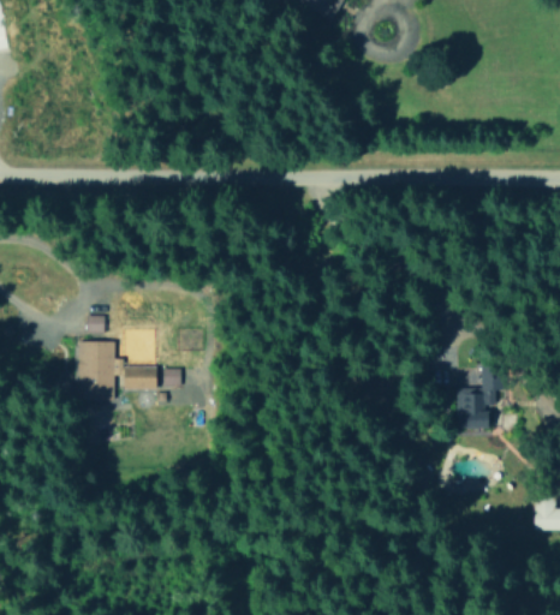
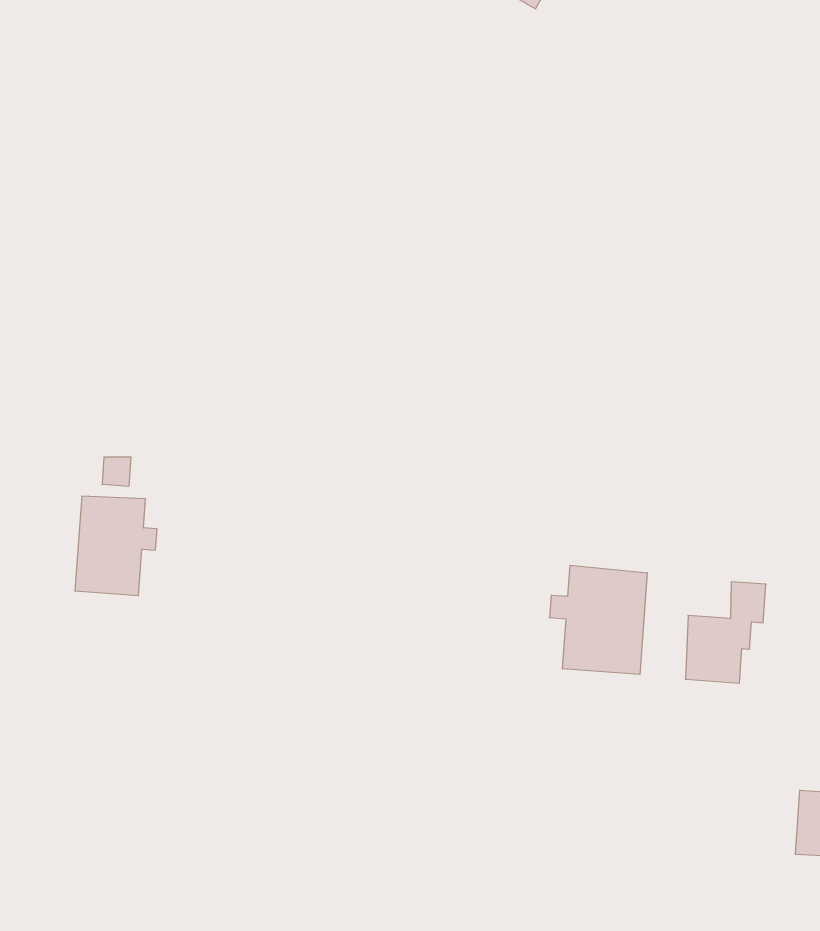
building: none -> [550,565,647,674]
building: [125,366,180,389] -> none

